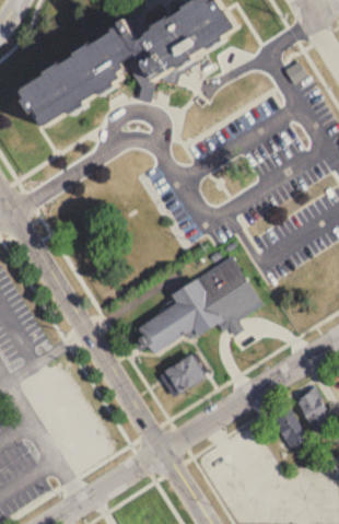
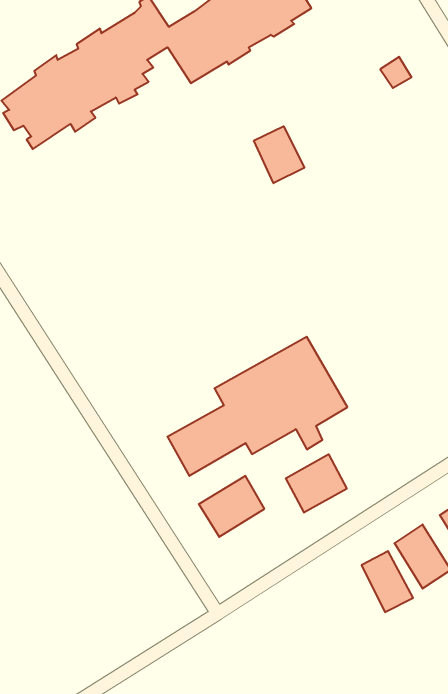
building: none -> [254,126,304,183]
building: none -> [286,454,347,513]

